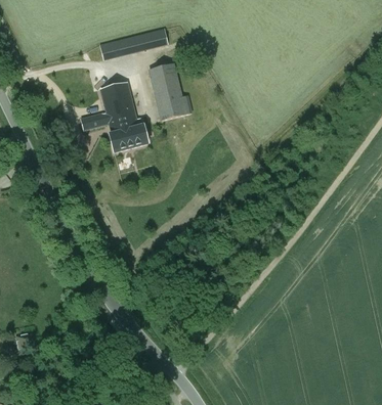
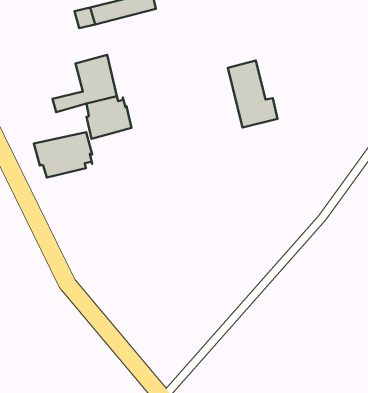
building: [150,63,192,120] -> [228,61,278,127]
building: none -> [34,132,92,178]

